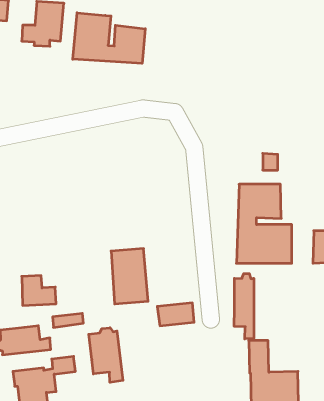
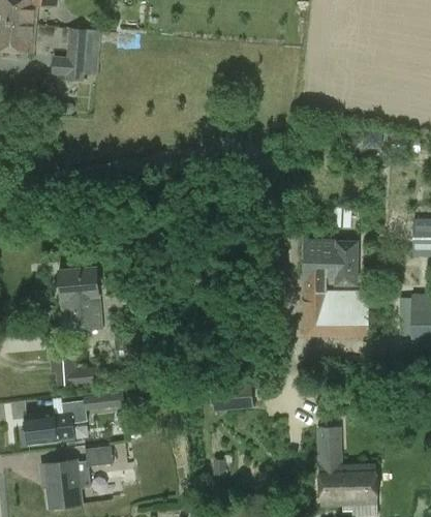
building: [73,13,145,63] -> none
building: [111,249,148,304] -> [59,266,102,331]
building: [234,274,254,339] -> none
building: [89,328,123,382] -> none

